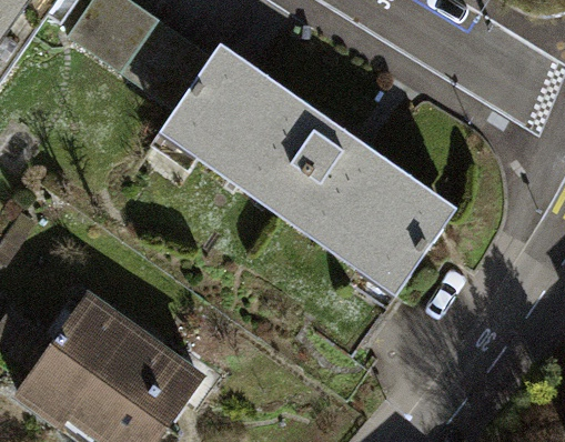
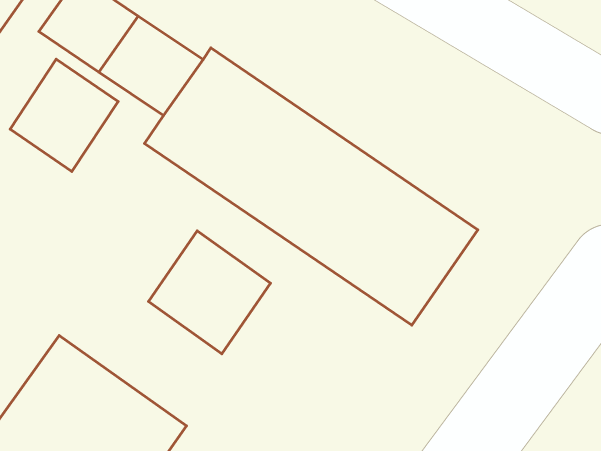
building: none -> [10,59,118,171]
building: none -> [149,231,270,354]

